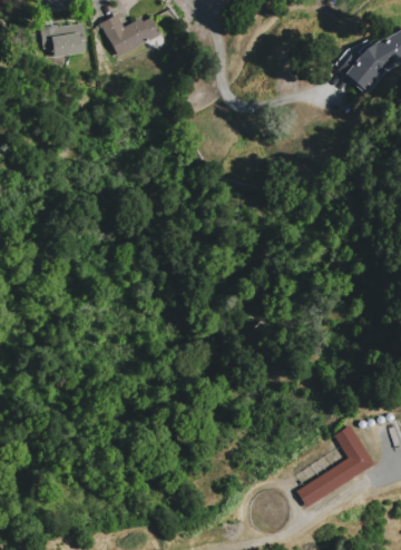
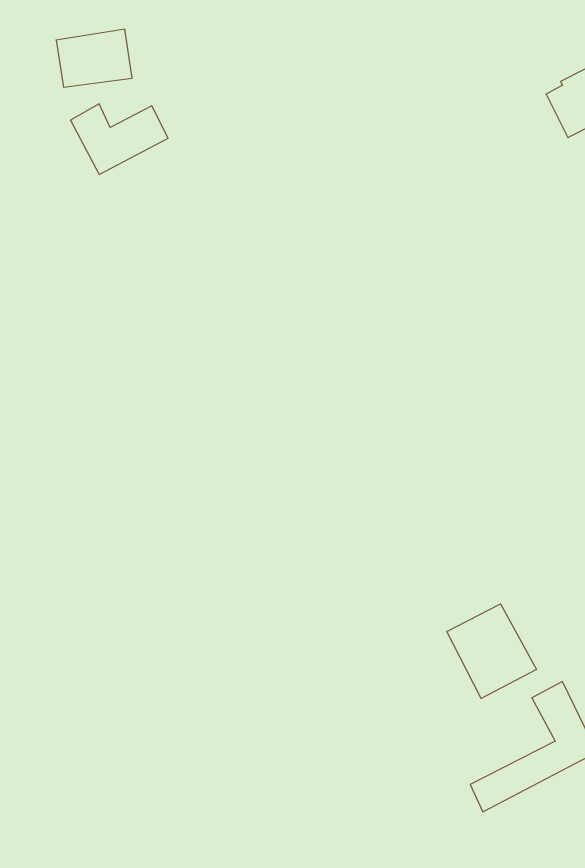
building: [100,13,160,57] -> [70,104,168,174]
building: none -> [447,604,536,698]

